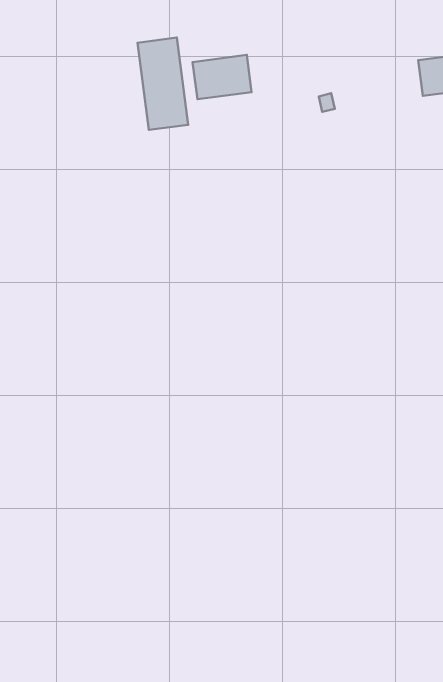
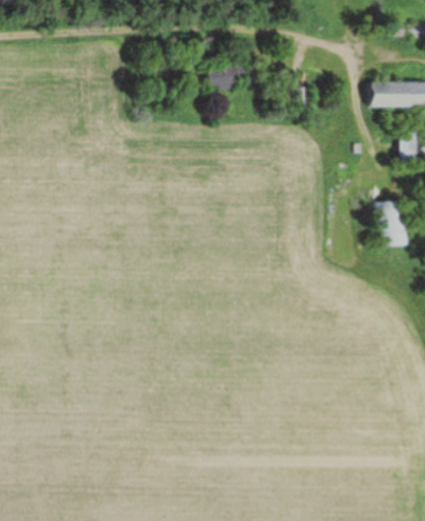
building: [137,38,188,130] -> none

